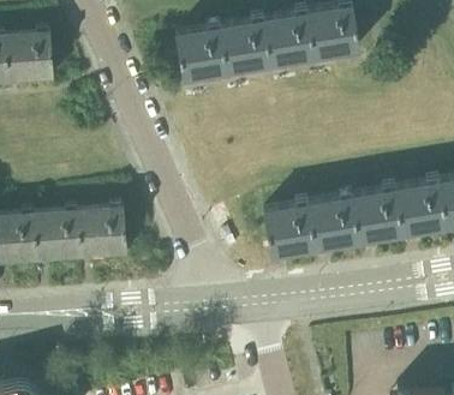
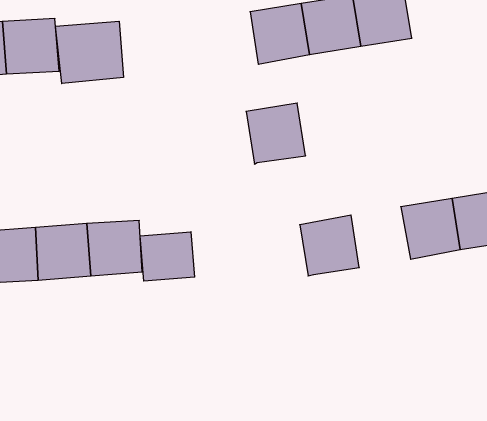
building: [174,26,226,79] -> [246,103,306,164]
building: none -> [56,21,123,84]
building: [306,196,358,249] -> none
building: none -> [140,232,195,281]

